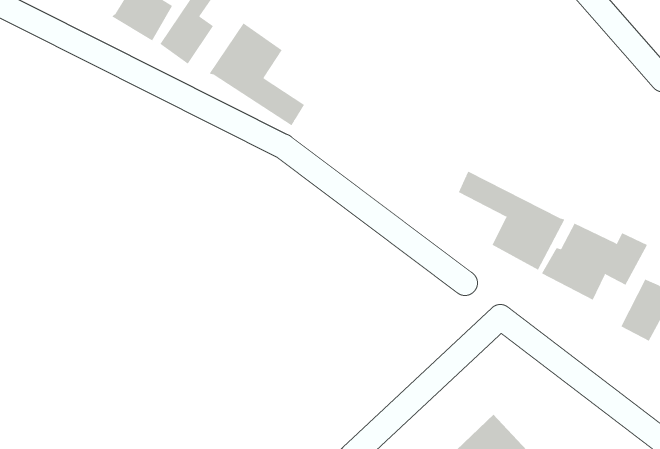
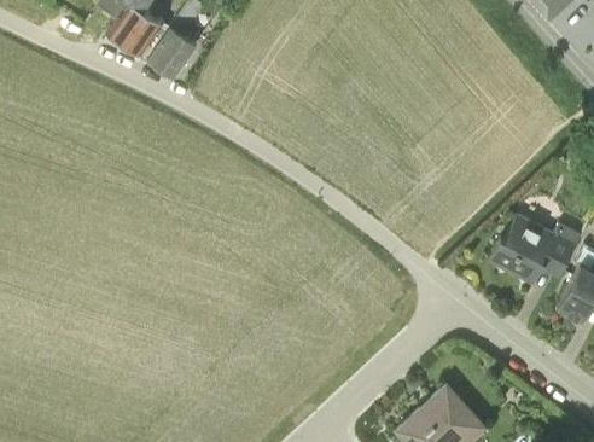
building: [209,22,305,126] -> none
building: [458,171,565,270] -> none

